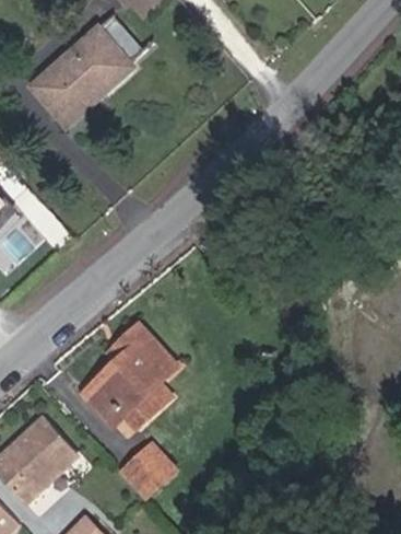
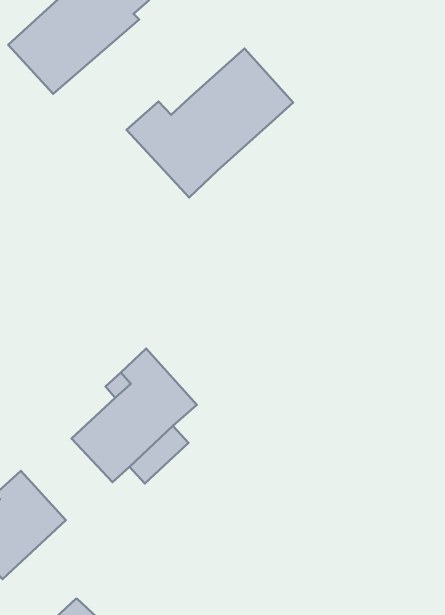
building: none -> [126,48,293,197]
building: [119,443,175,498] -> none

